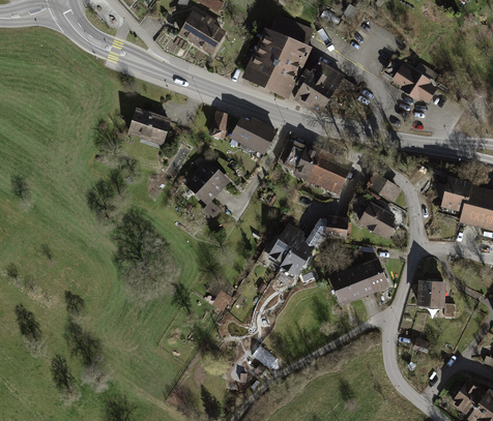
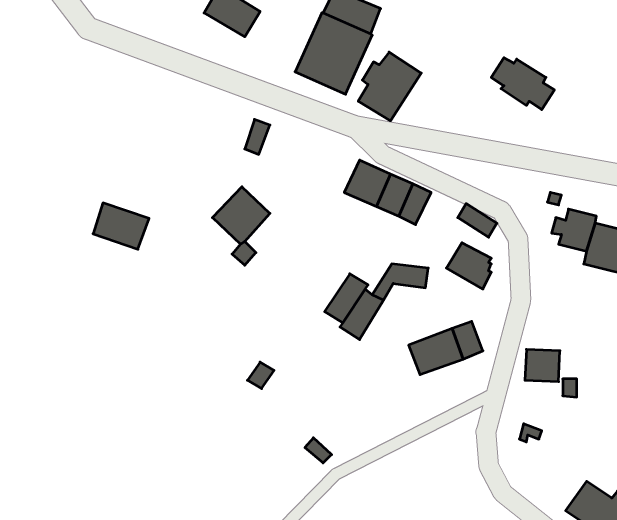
building: [128,110,170,144] -> [93,203,149,249]
building: [232,120,274,153] -> none

